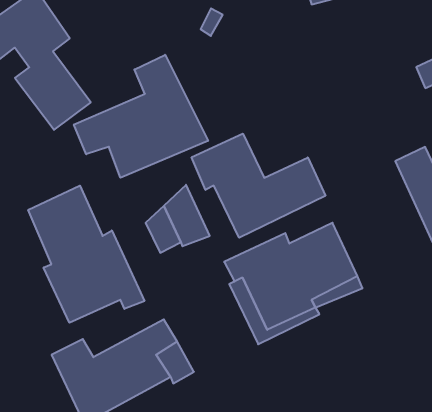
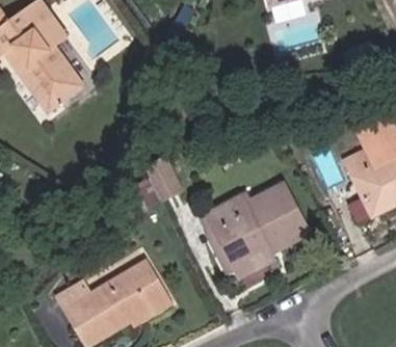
building: [74,55,208,178] -> none
building: [192,134,325,238] -> none
building: [28,186,144,323] -> none

